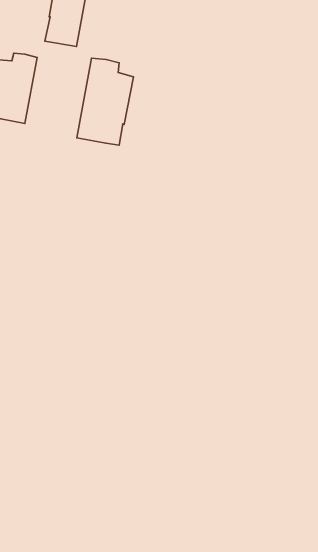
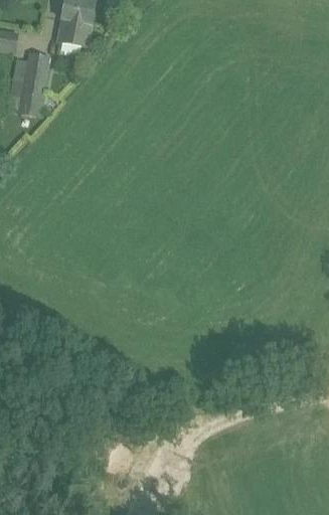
building: [77,58,134,145] -> none

